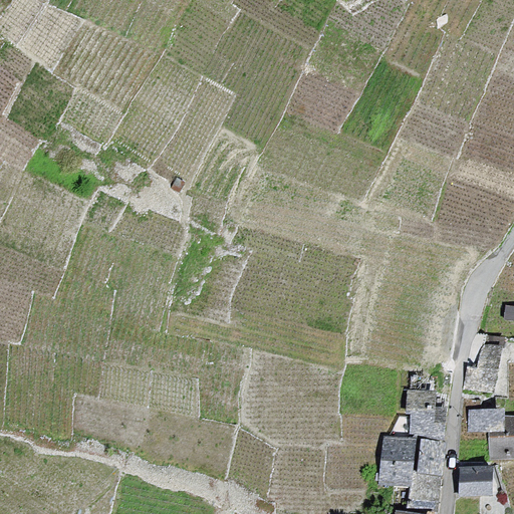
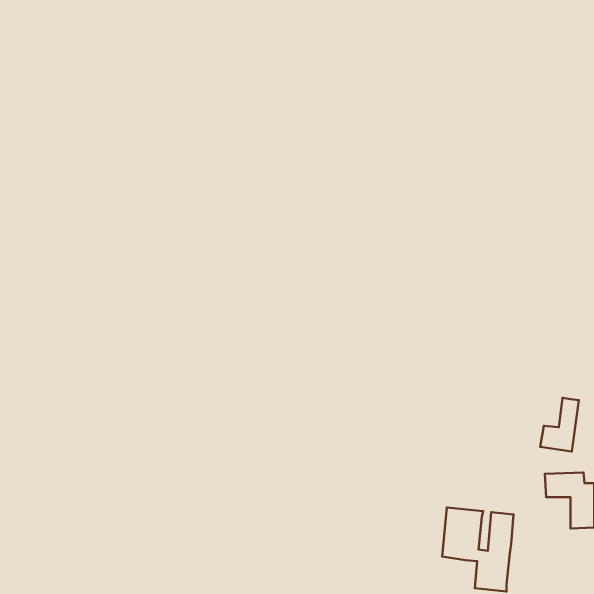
building: [407,390,444,440] -> none
building: [460,469,493,494] -> none

